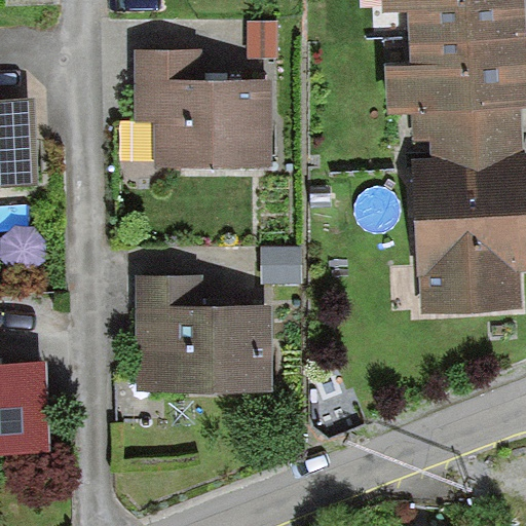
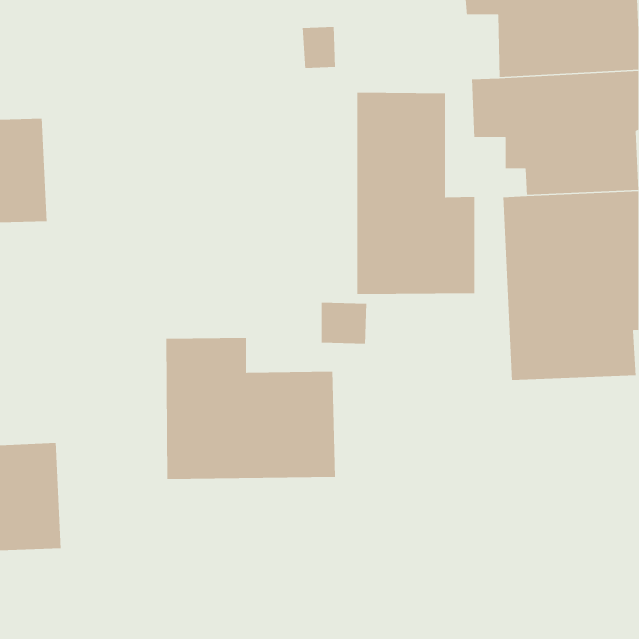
building: [137,49,274,171] -> none
building: none -> [357,92,475,295]

